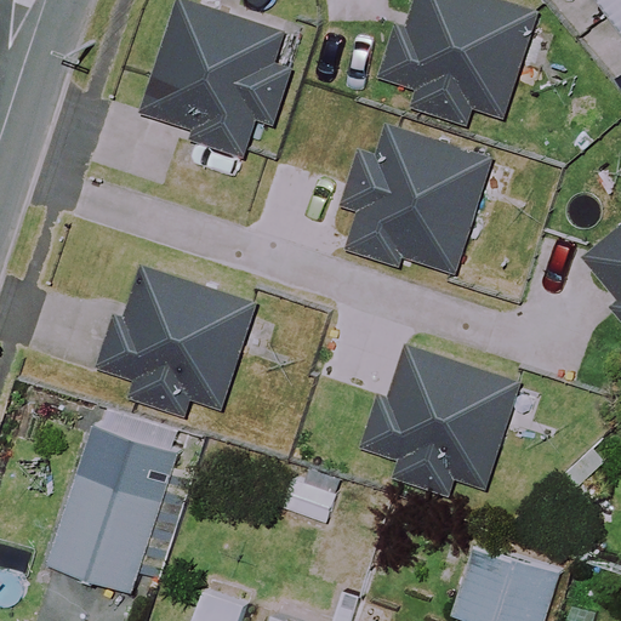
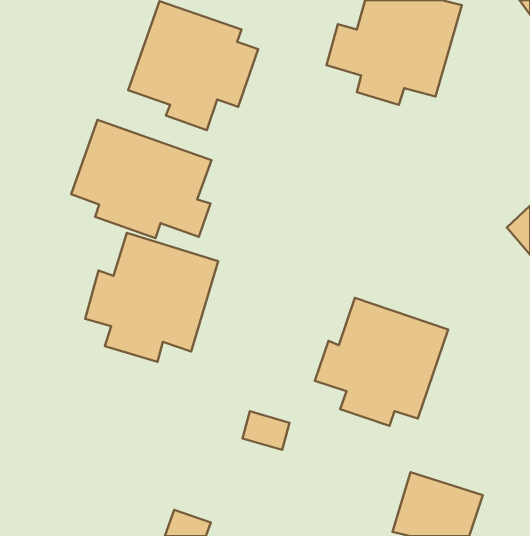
building: [348,127,486,273] -> none
building: none -> [71,120,212,238]
building: [46,417,196,594] -> none

